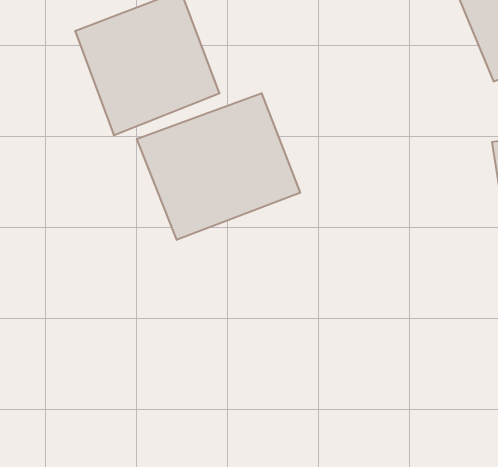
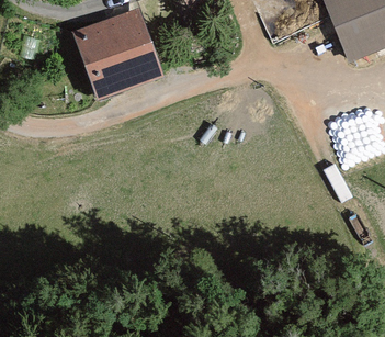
building: [137,93,300,240] -> none

